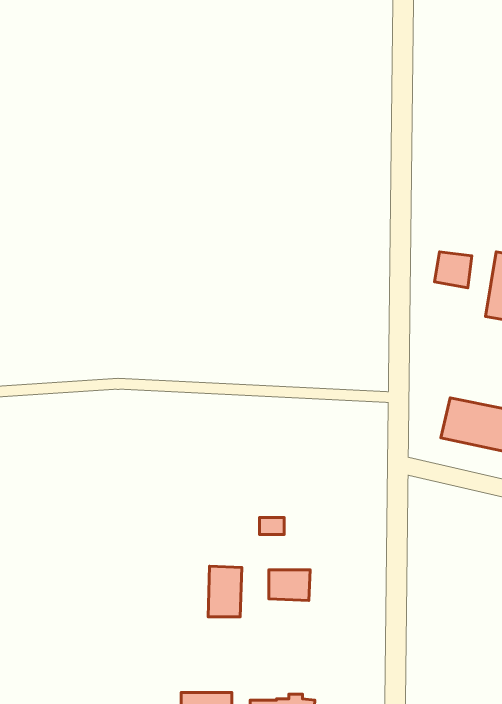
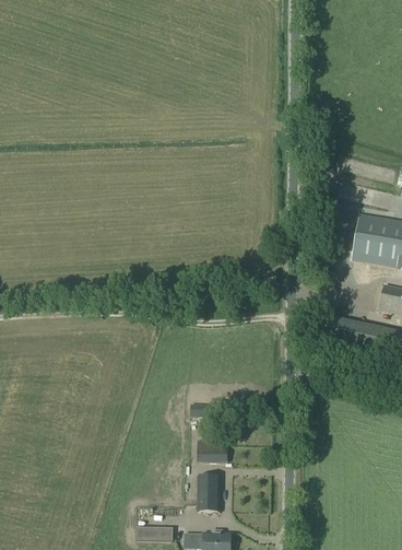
building: [434,252,472,288] -> none
building: [208,566,242,617] -> [197,473,221,510]

